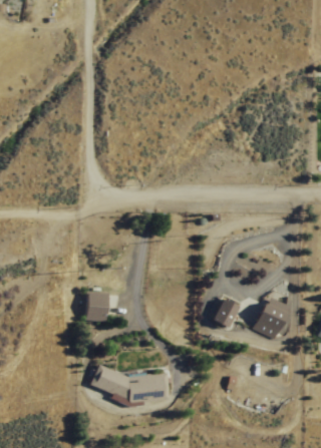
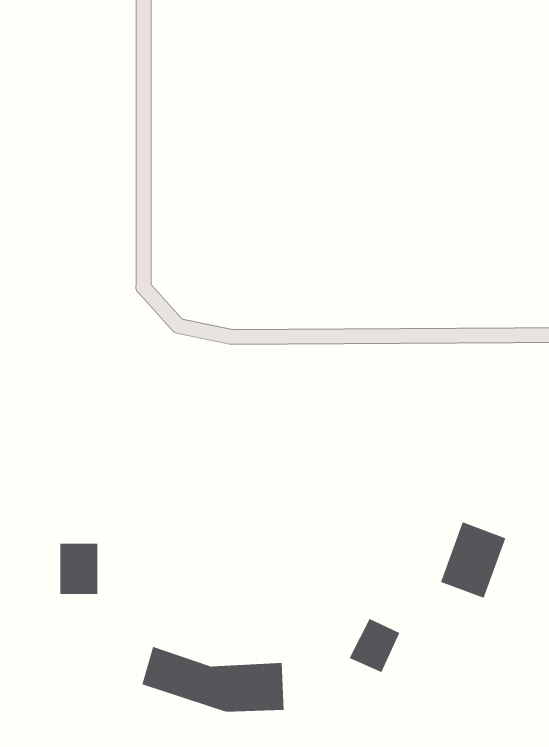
building: [86,292,107,320] -> [60,543,98,594]
building: [212,298,240,328] -> [349,618,400,673]

